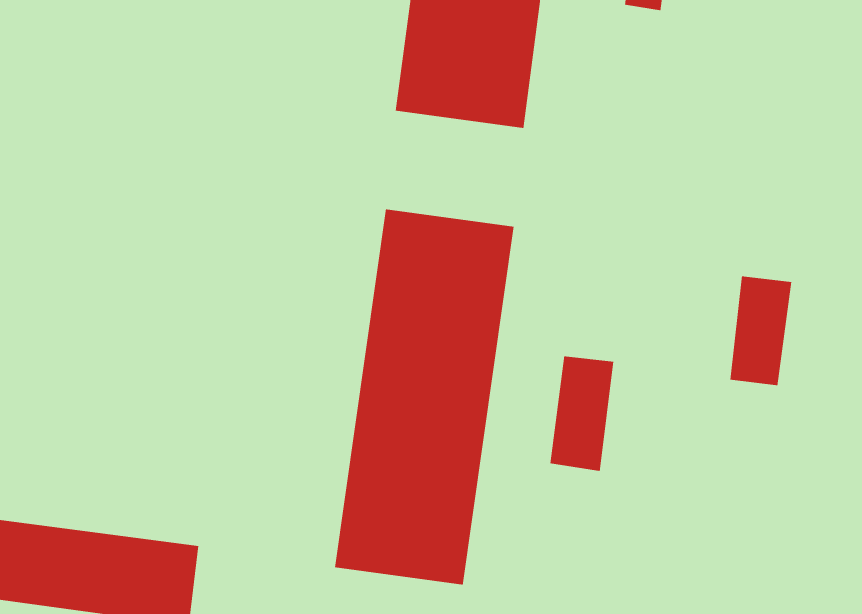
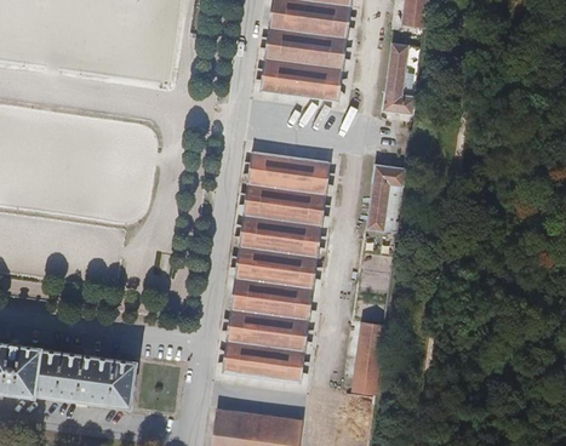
building: none -> [381,44,415,116]
building: [729,276,792,386] -> [366,165,405,233]
building: none -> [350,322,384,395]

